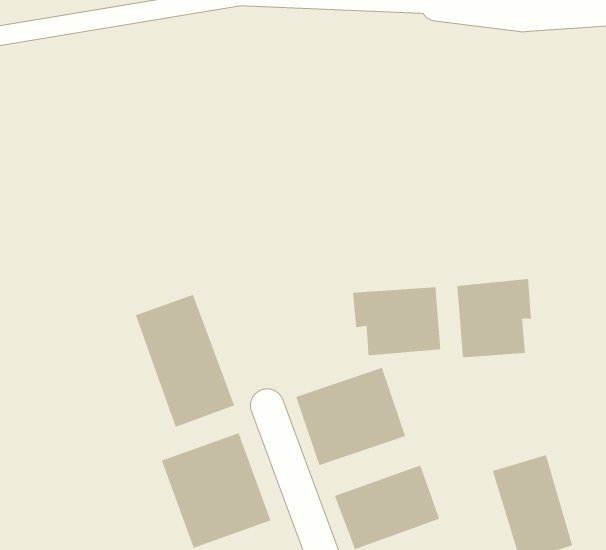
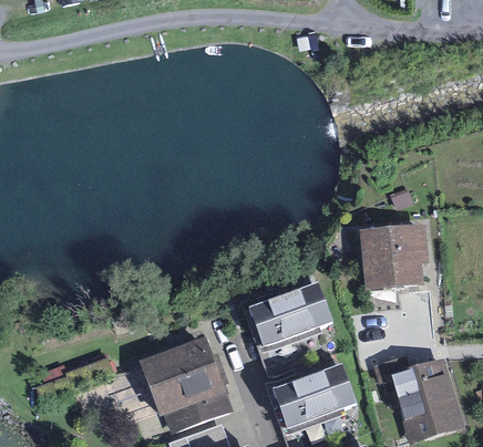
building: [352,287,441,356] -> none
building: [135,294,235,428] -> none

